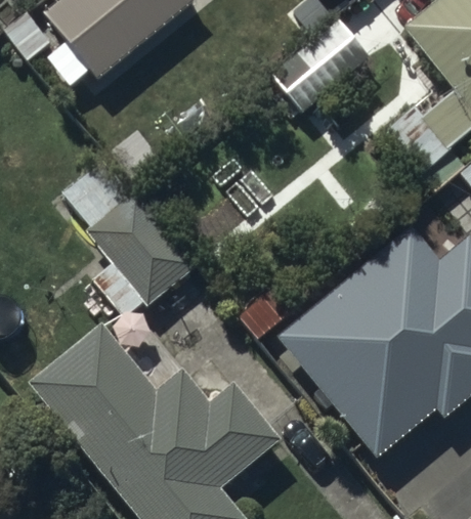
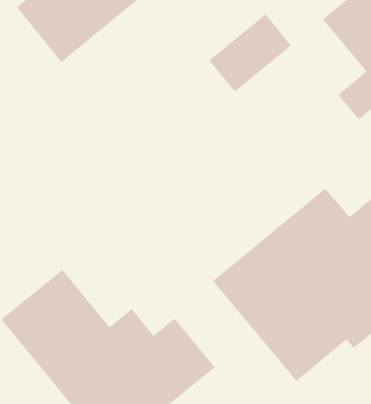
building: [85,189,198,306] -> none

